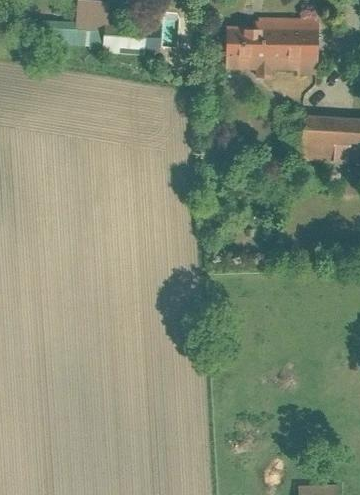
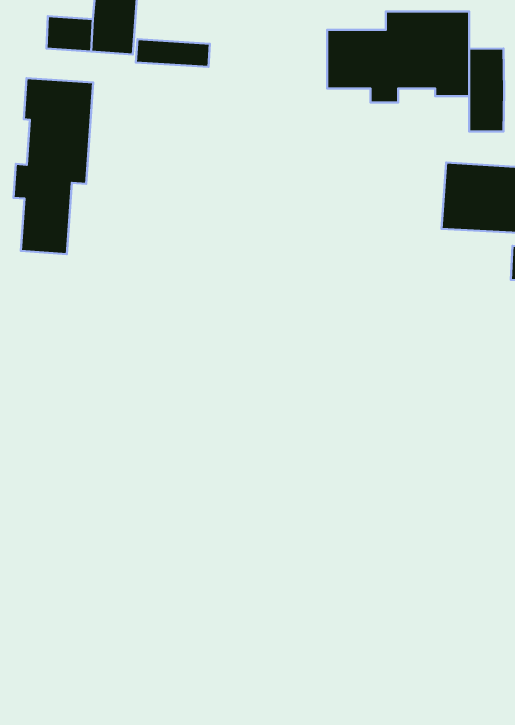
building: none -> [469,49,504,132]
building: none -> [14,78,93,254]

